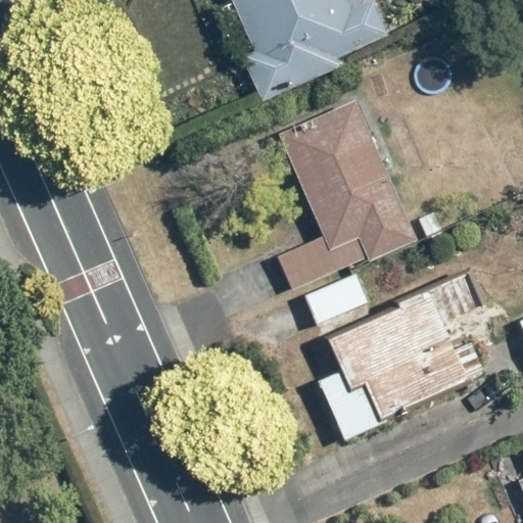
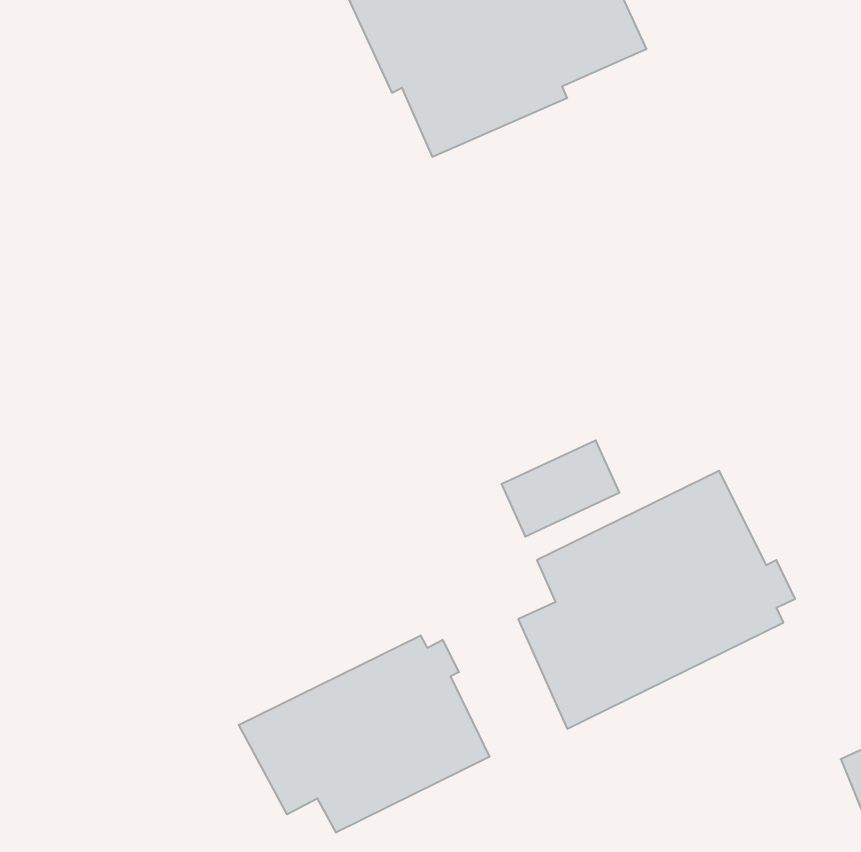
building: [279,101,420,288] -> none
building: none -> [239,635,489,833]

